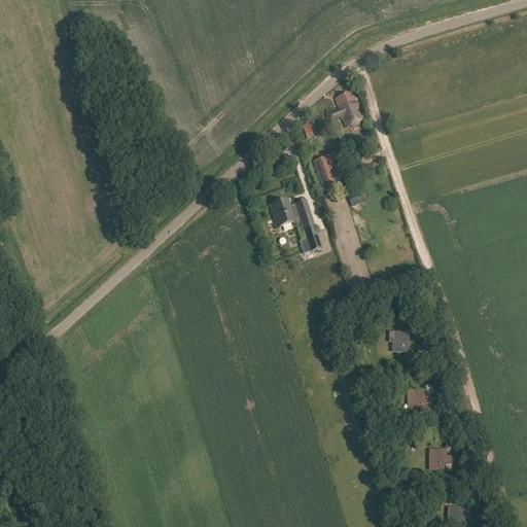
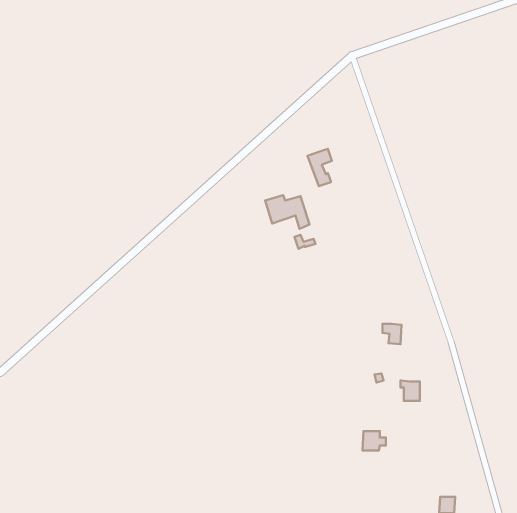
building: [324,92,363,125] -> none
building: [428,448,452,467] -> [363,431,386,451]

